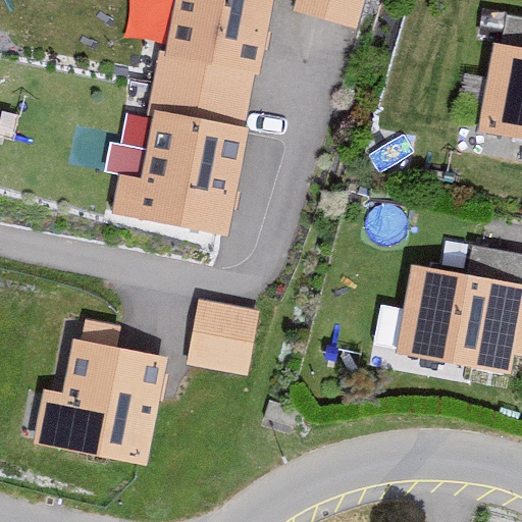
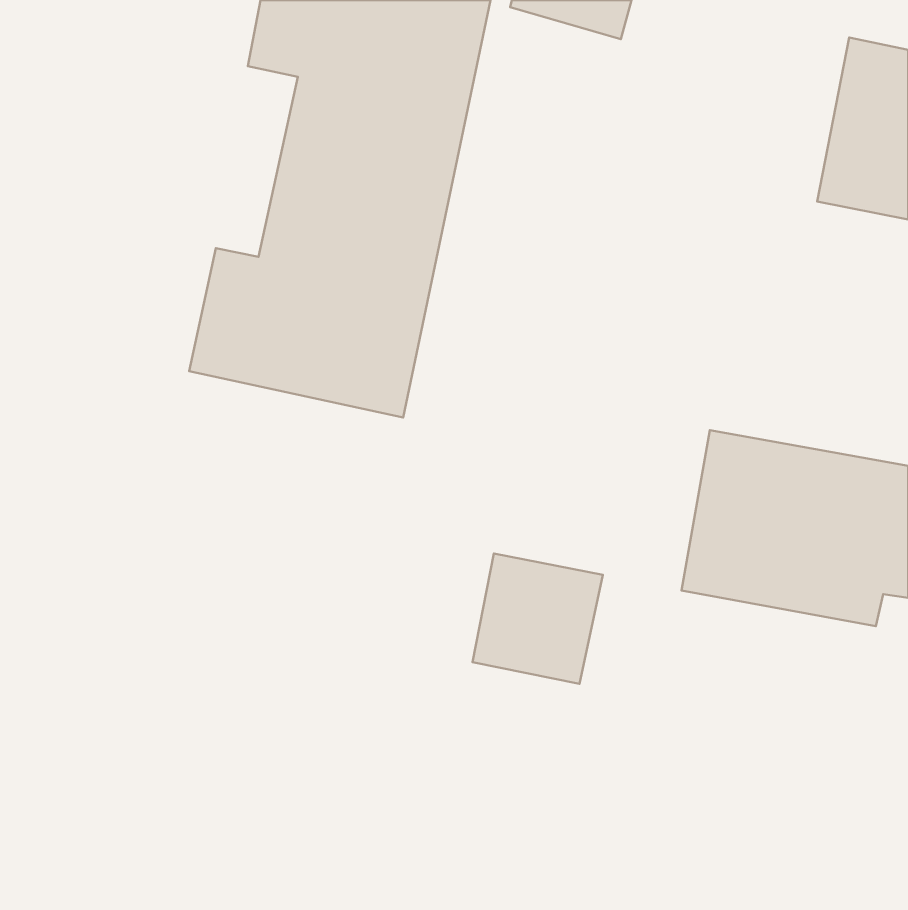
building: [182,296,257,370] -> [473,553,603,684]
building: [32,316,168,467] -> none

